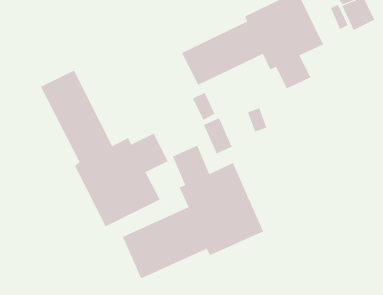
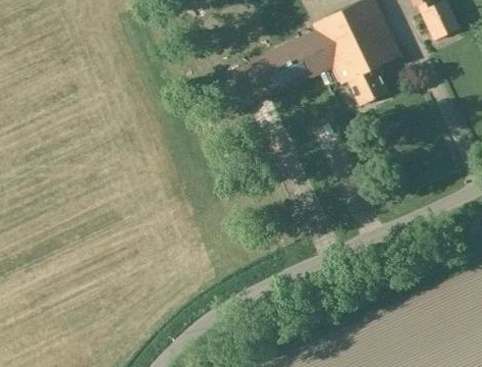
building: [40,70,169,227] -> none
building: [122,145,264,279] -> none

